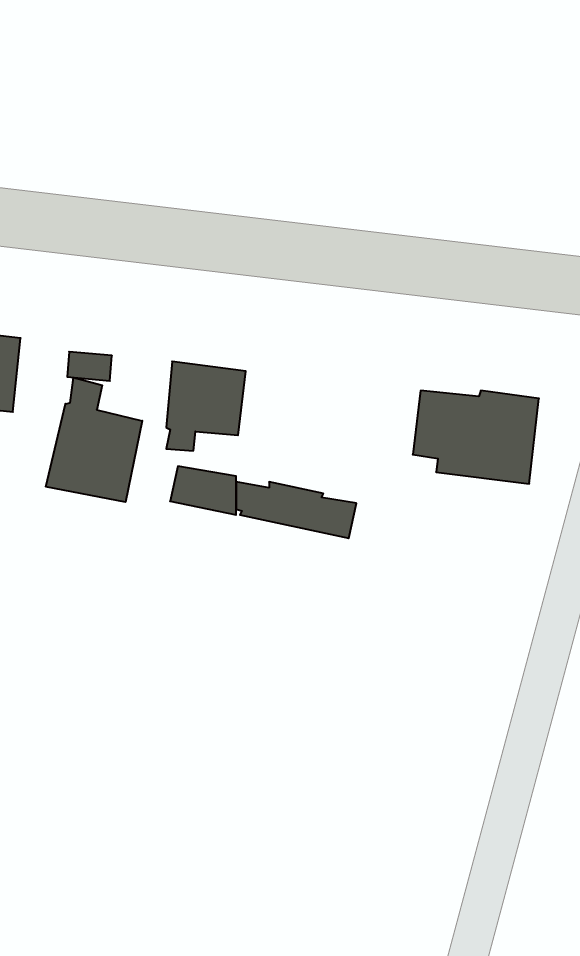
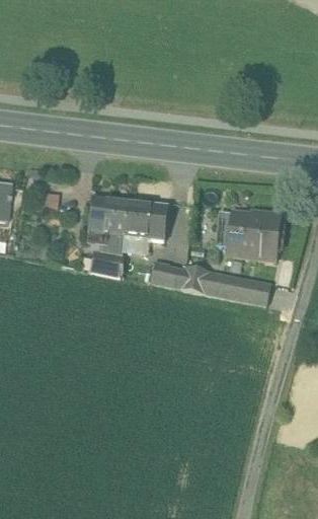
building: none -> [126,201,170,239]
building: [46,378,142,502] -> none
building: none -> [183,266,272,305]

